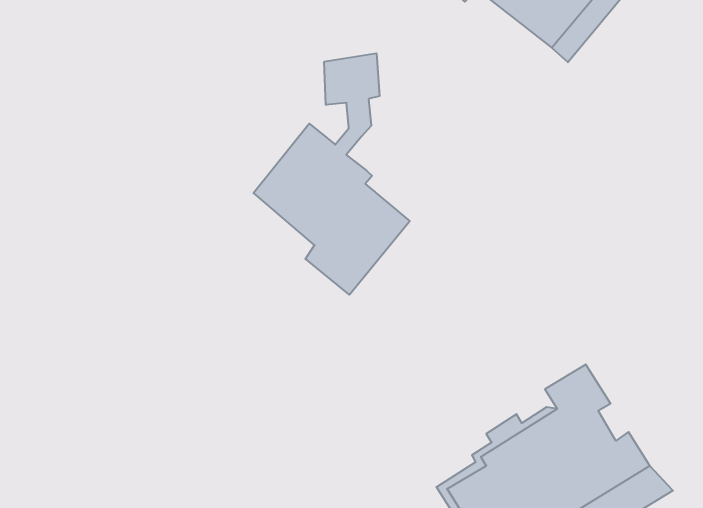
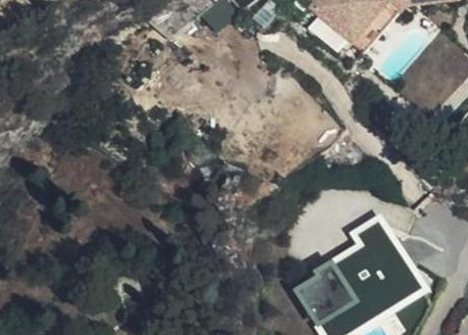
building: [253,53,410,295] -> none
building: none -> [346,218,426,296]

